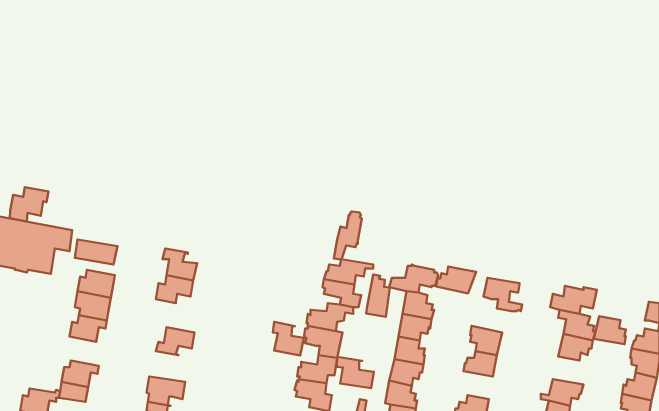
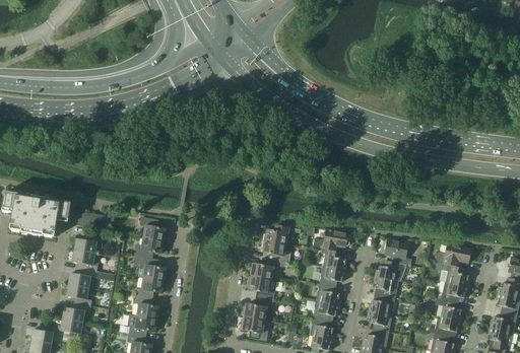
building: [10,187,48,221] -> none
building: [334,212,362,259] -> none
building: [436,266,476,293] -> [376,261,406,281]
building: [366,274,390,317] -> none
building: none -> [134,256,167,281]
building: [594,316,626,344] -> [438,299,462,321]
building: [273,322,304,355] -> none
building: none -> [67,284,92,306]
building: none -> [134,295,159,319]
building: [337,357,374,388] -> none
building: none -> [368,310,392,332]

